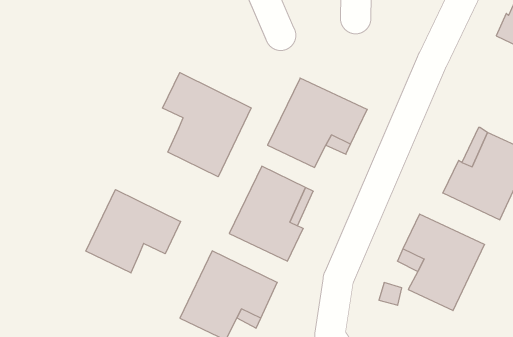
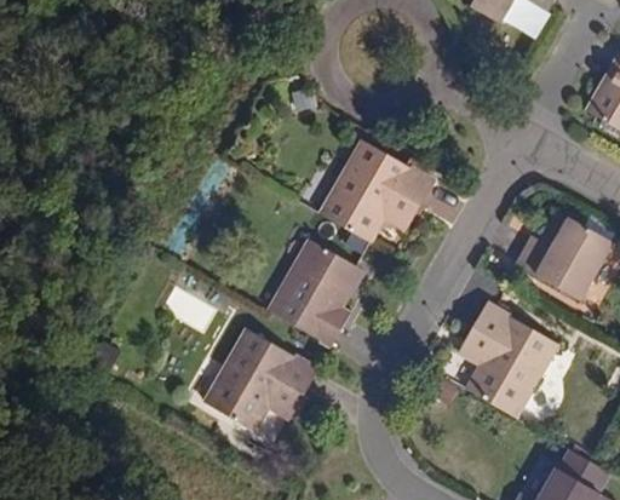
building: [163,73,251,177] -> none
building: [86,190,181,273] -> none

